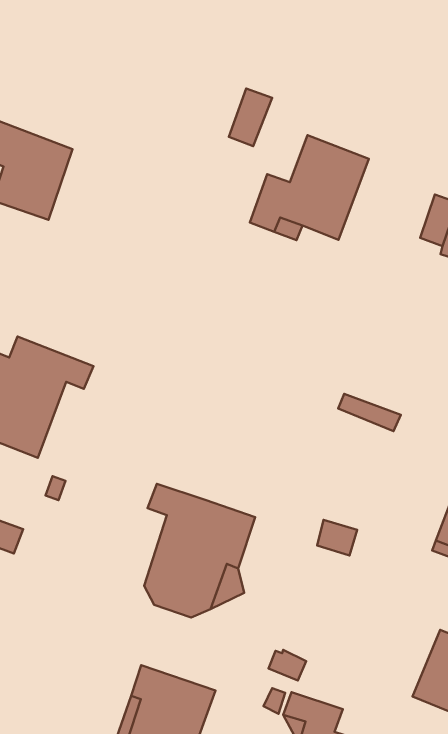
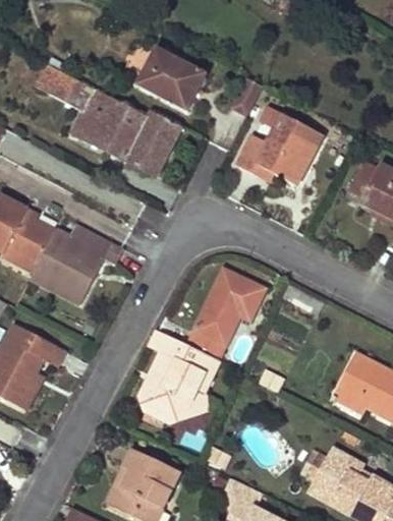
building: none -> [136,47,207,112]
building: none -> [106,104,178,174]
building: none -> [187,269,265,360]

